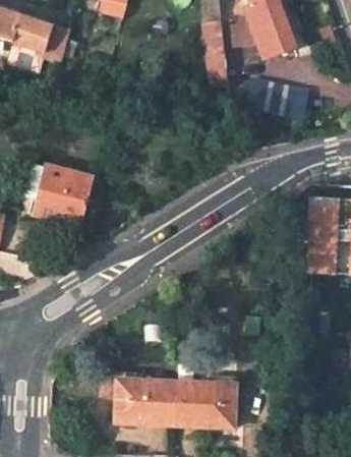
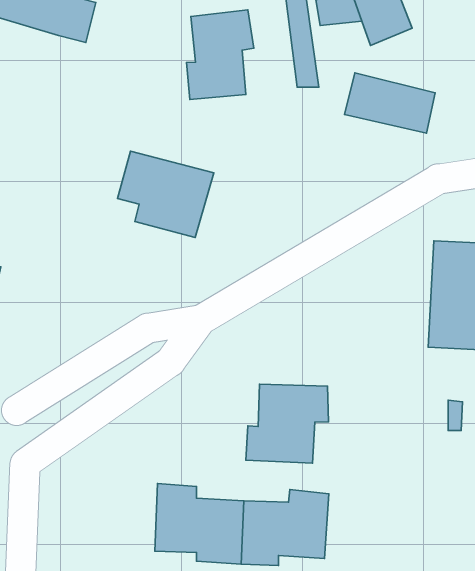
building: none -> [187,10,254,100]
building: [23,163,92,224] -> [117,151,214,237]
building: none -> [246,384,329,463]

